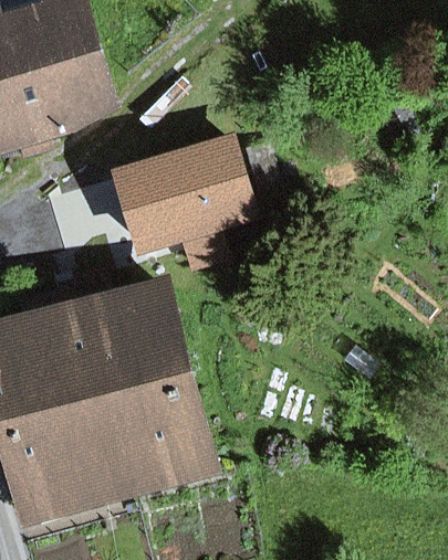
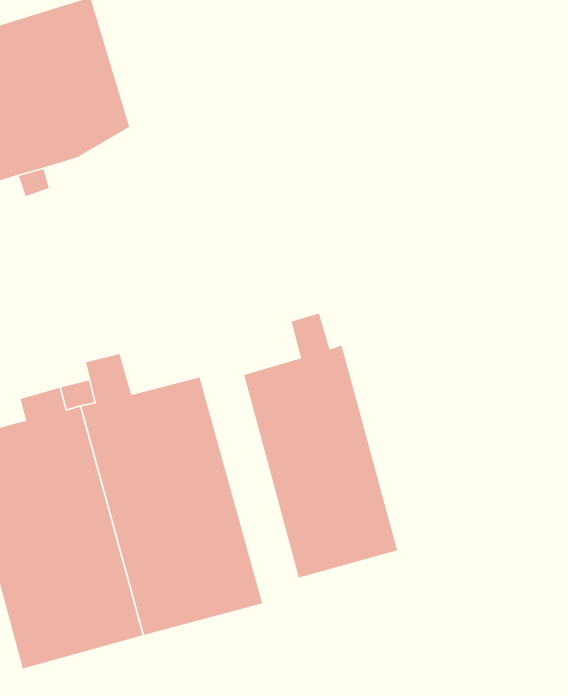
building: [129,145,251,270] -> none
building: none -> [243,313,398,579]

